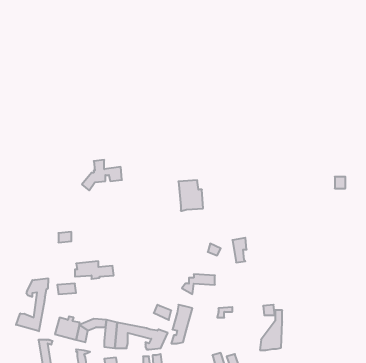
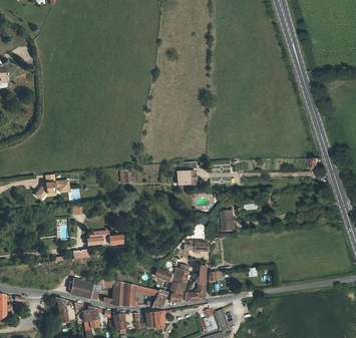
building: [82,160,122,190] -> [35,174,69,200]
building: [16,278,48,331] -> none
building: [260,310,282,350] -> [186,266,205,300]

